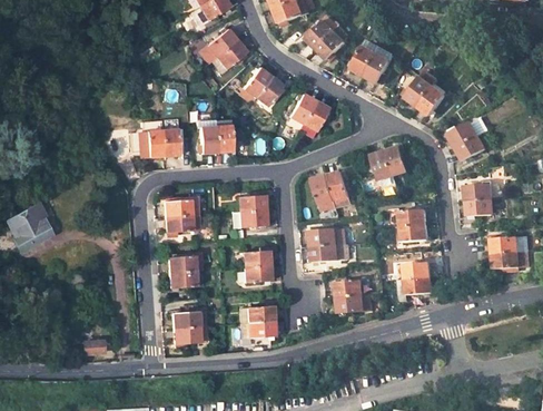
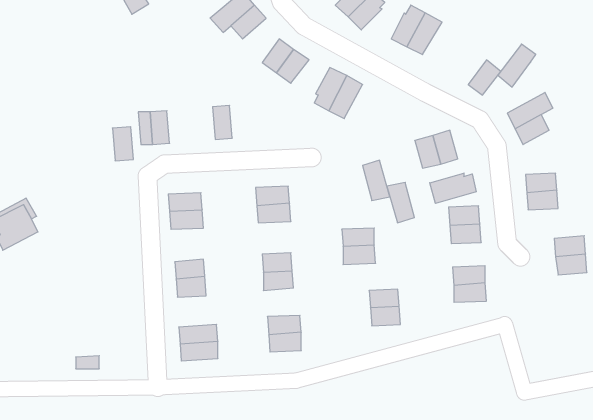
building: [406,70,438,107] -> [498,44,536,87]
building: [215,124,233,153] -> none
building: [161,128,179,157] -> [112,127,133,161]
building: [313,176,336,211] -> [387,182,414,223]
building: none -> [430,173,476,203]

